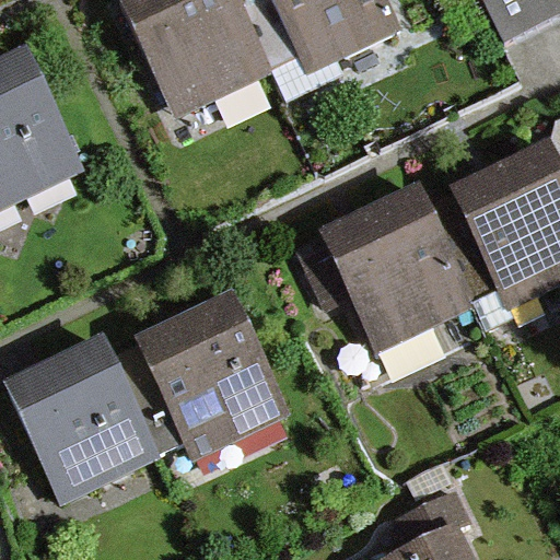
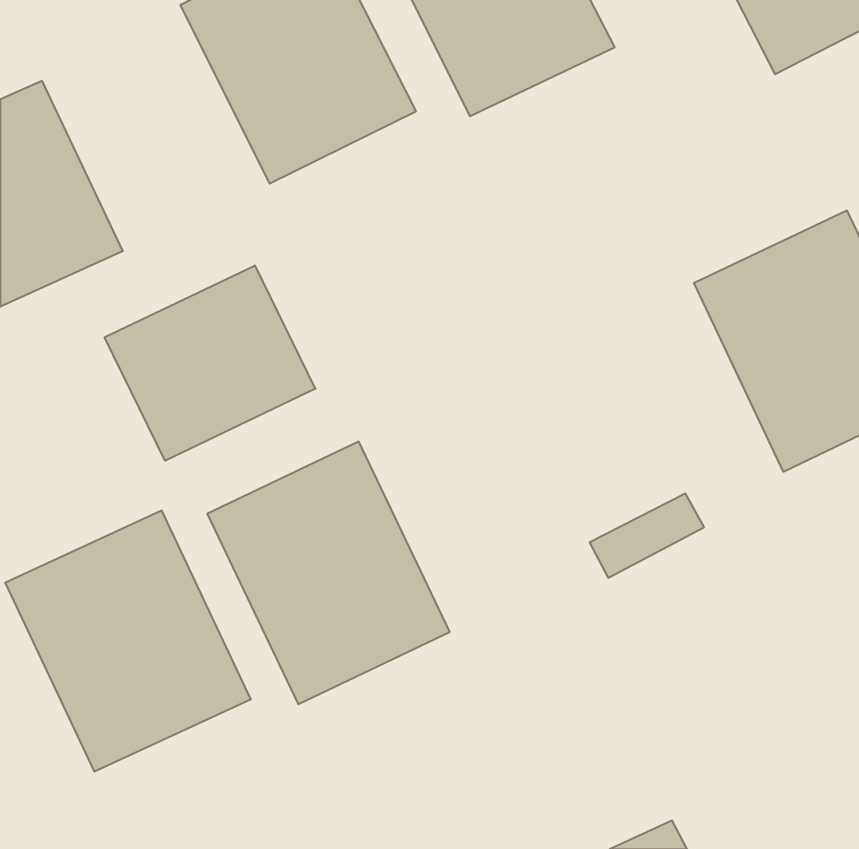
building: none -> [105,265,315,461]
building: [322,196,466,348] -> none

